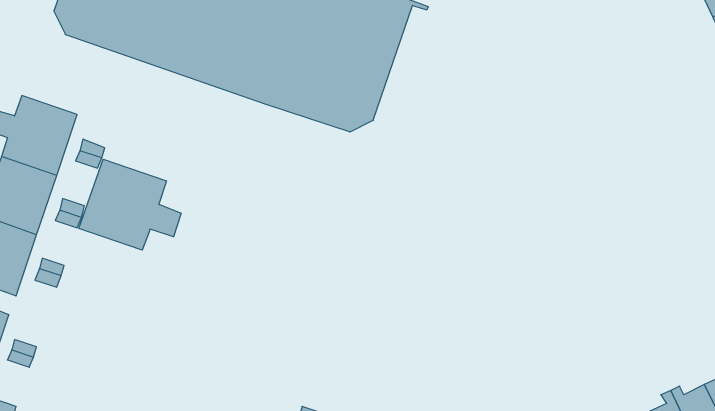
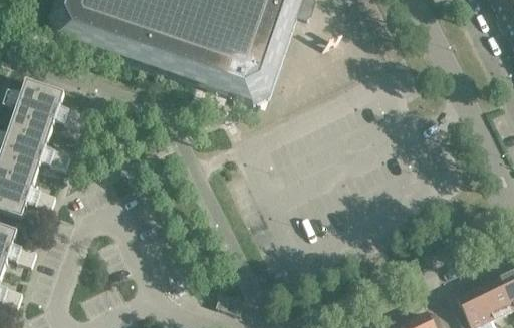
building: [79,159,181,250] -> none

